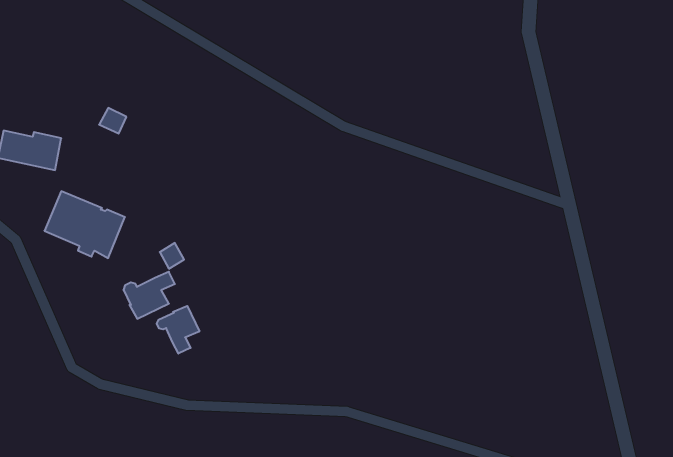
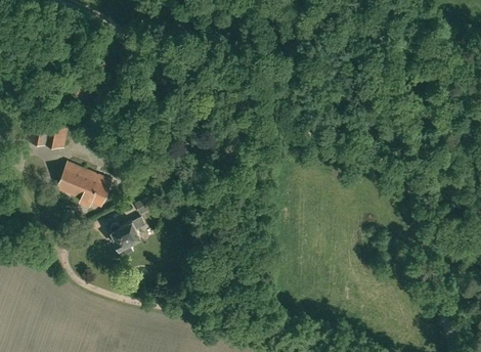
building: [157,306,199,354] -> none

